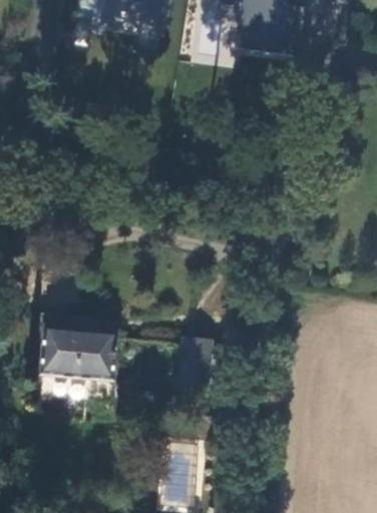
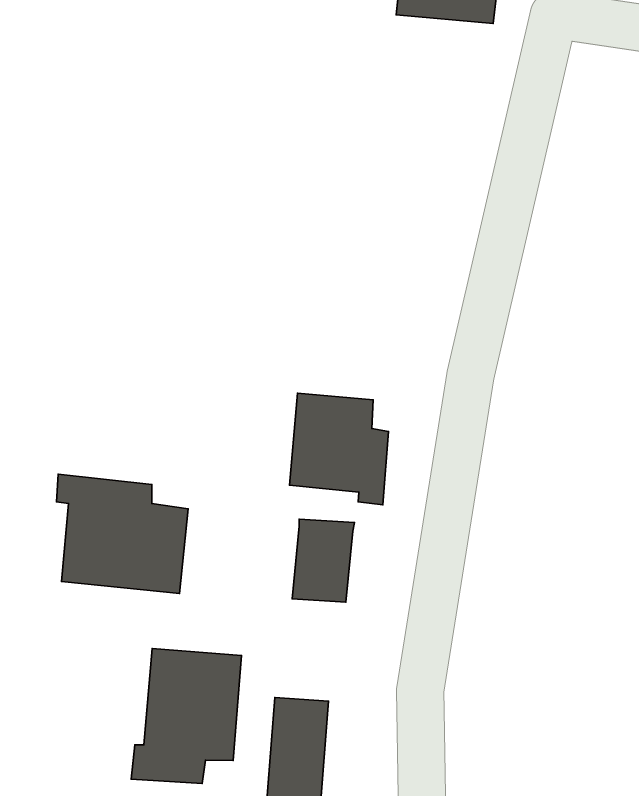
building: none -> [290,393,388,505]
building: none -> [131,649,241,784]

